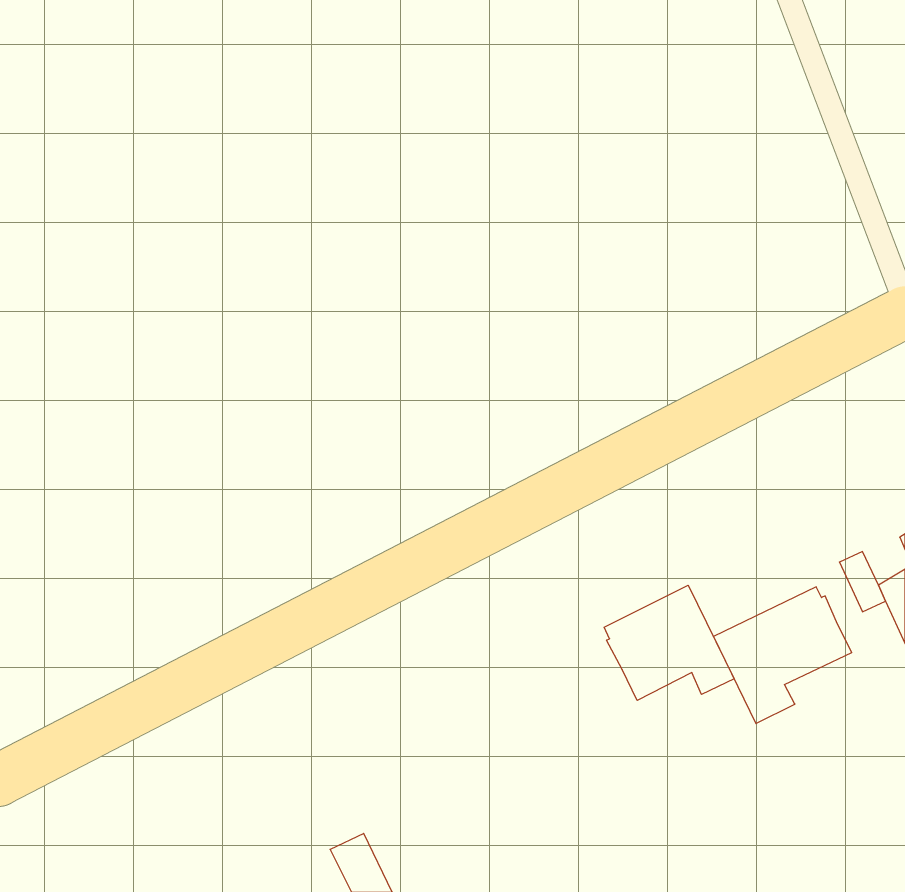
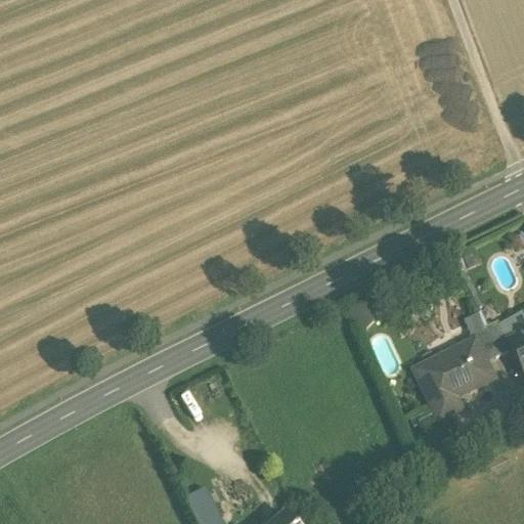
building: none -> [468,324,497,360]
building: [604,585,734,700] -> none

